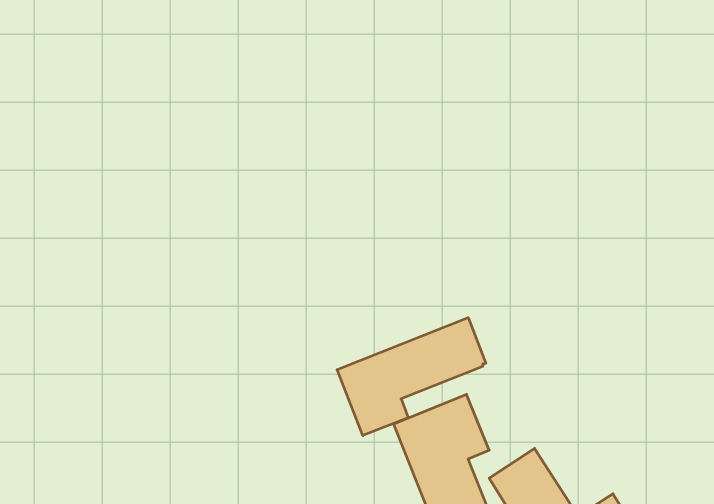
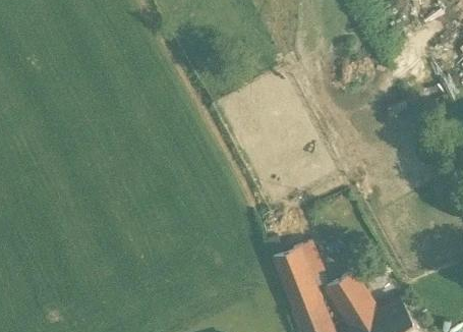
building: [337,318,486,436] -> none

